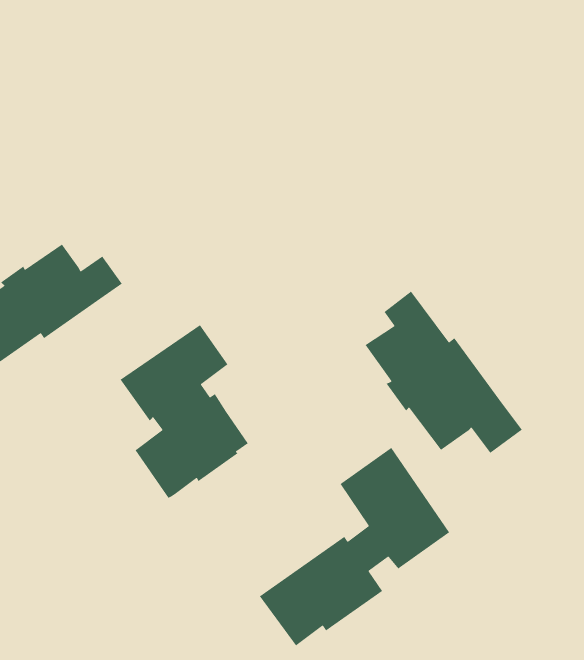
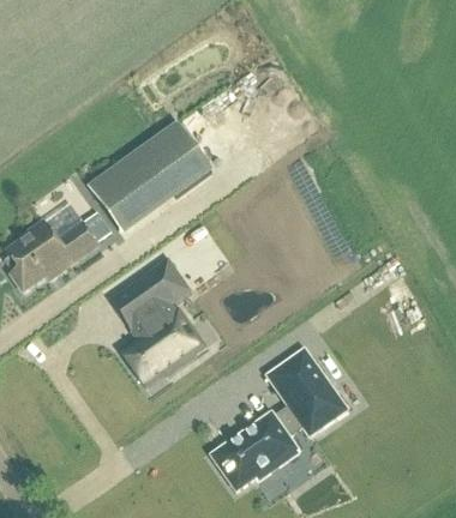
building: none -> [86,121,212,236]
building: [365,291,523,454] -> none

